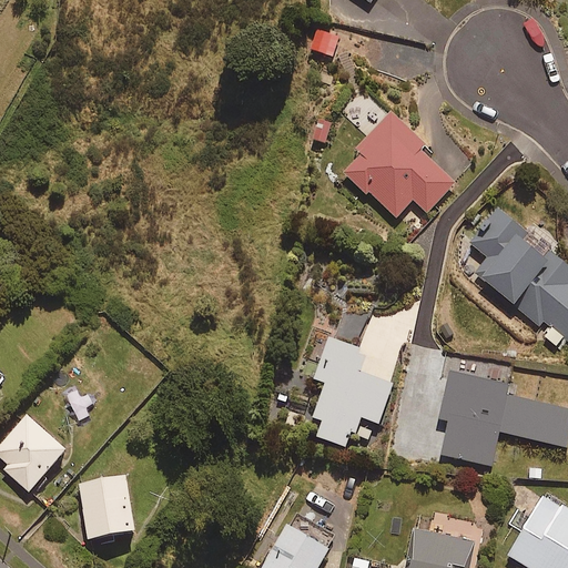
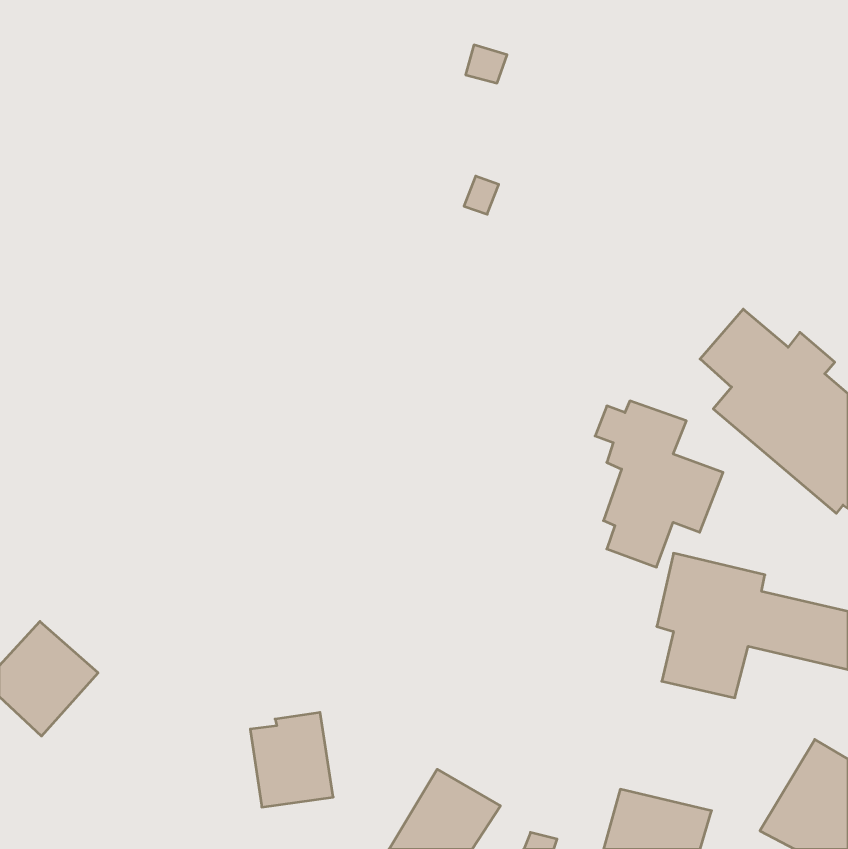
building: [344,110,455,217] -> none
building: [307,336,393,447] -> [595,401,723,567]
building: [79,474,134,537] -> [250,712,333,807]

